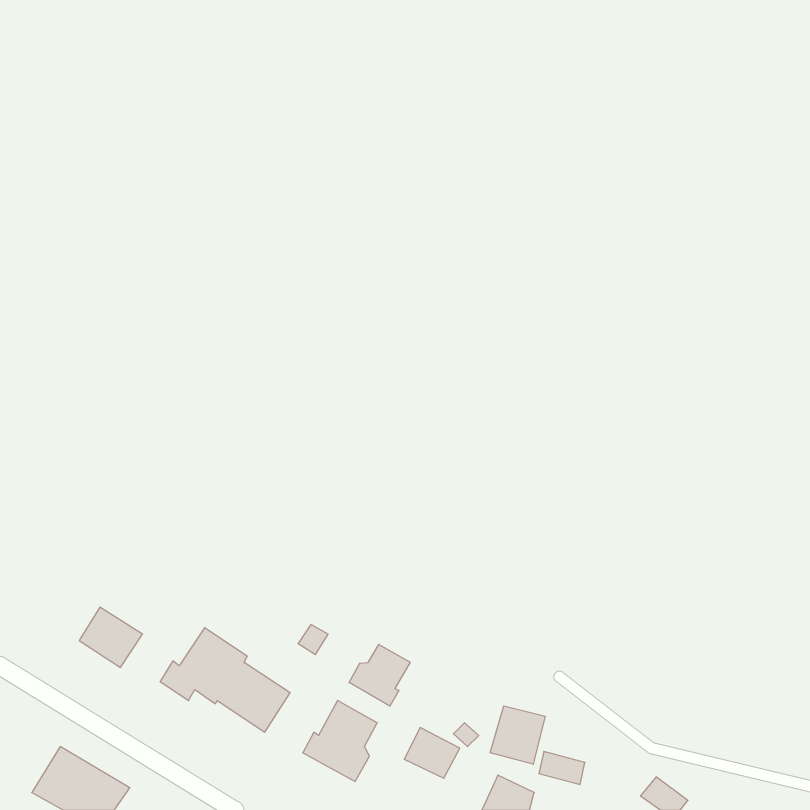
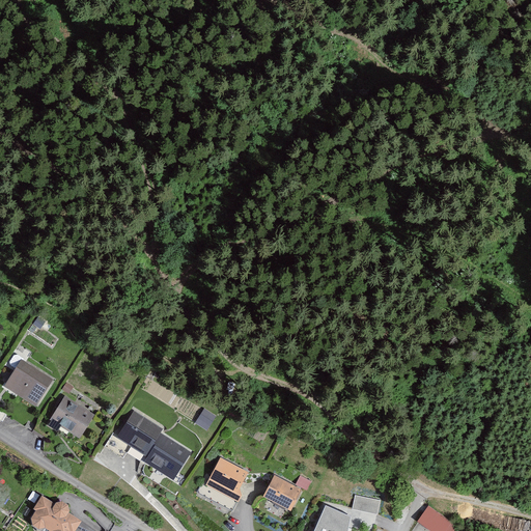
building: none -> [6,361,51,404]
building: [349,644,410,706] -> none
building: [490,706,545,764] -> none

